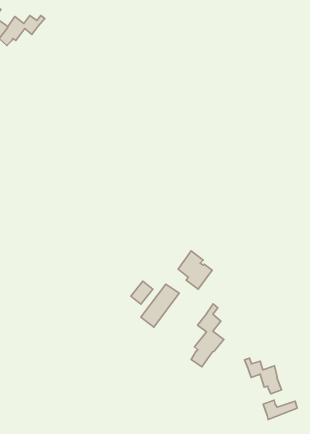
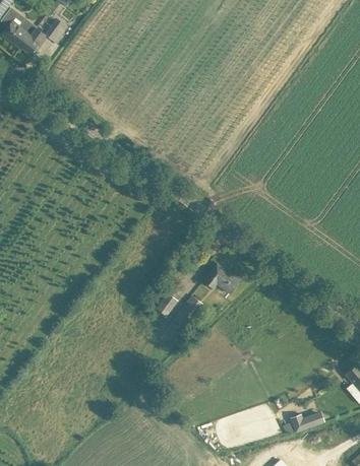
building: [191,304,224,367] -> none
building: [245,358,281,394] -> none

